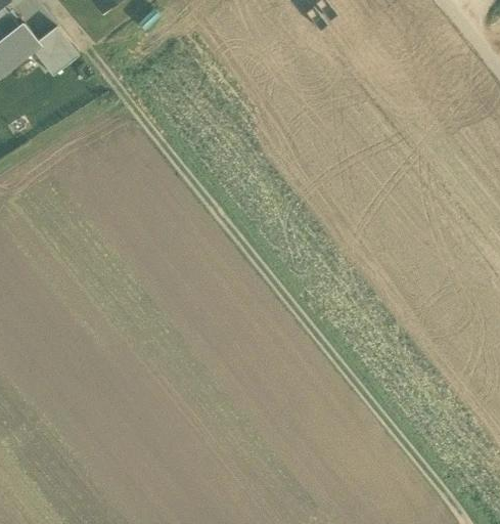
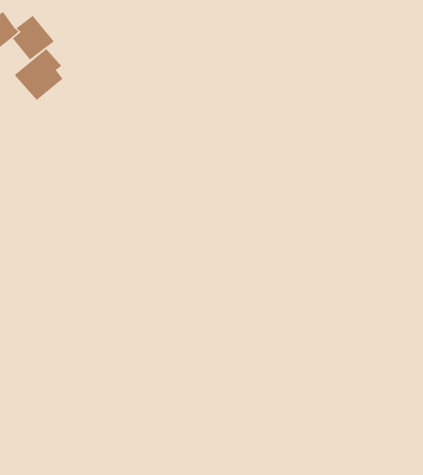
building: none -> [14,48,64,101]

